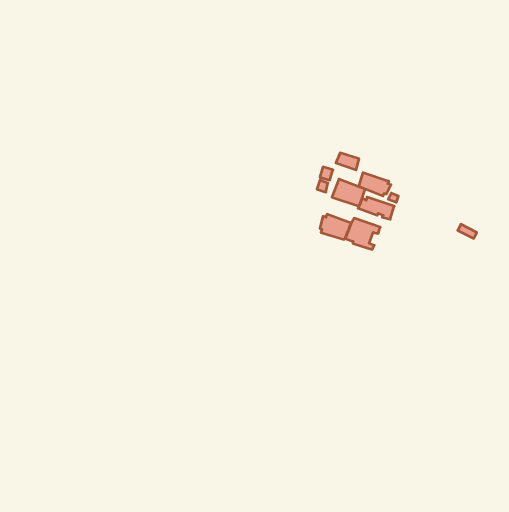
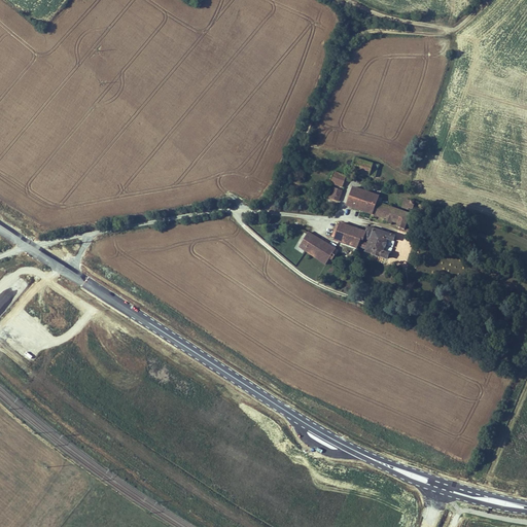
building: [359,173,391,196] -> none
building: none -> [302,231,337,265]

